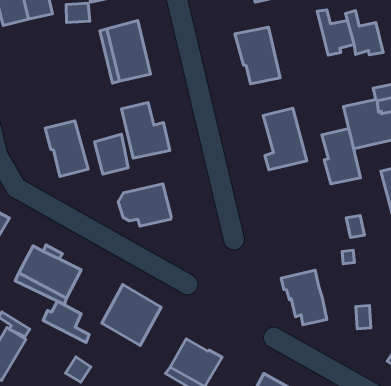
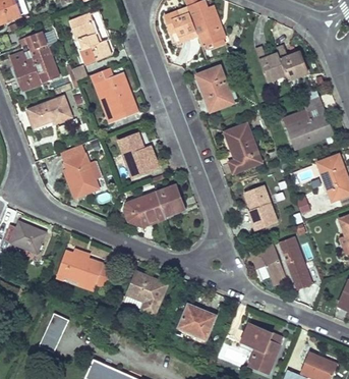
building: none -> [27,96,70,125]
building: [322,129,360,184] -> [244,185,277,228]
building: [95,134,128,174] -> [156,183,183,215]
building: none -> [277,235,311,290]
building: [43,301,89,342] -> none

